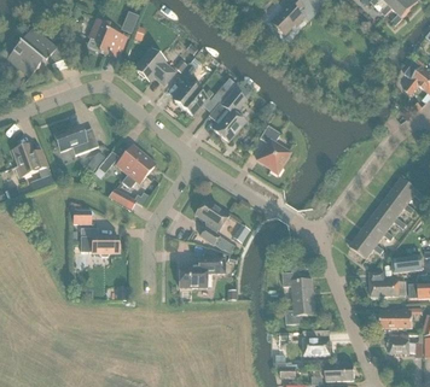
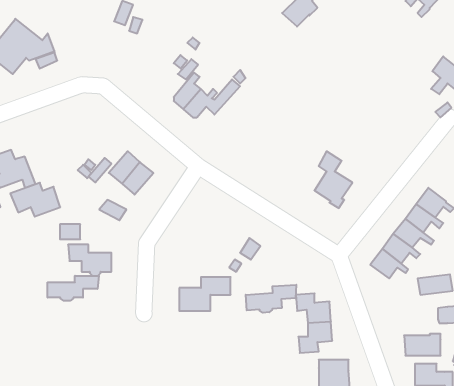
building: [89,19,124,55] -> none
building: [135,49,173,83] -> none
building: [214,90,245,141] -> none
building: [53,124,98,154] -> [10,183,60,217]
building: [256,124,290,175] -> [314,151,352,208]
building: [194,199,223,244] -> none
building: none -> [48,276,99,301]
building: none -> [246,285,296,313]
building: [370,271,409,297] -> none

